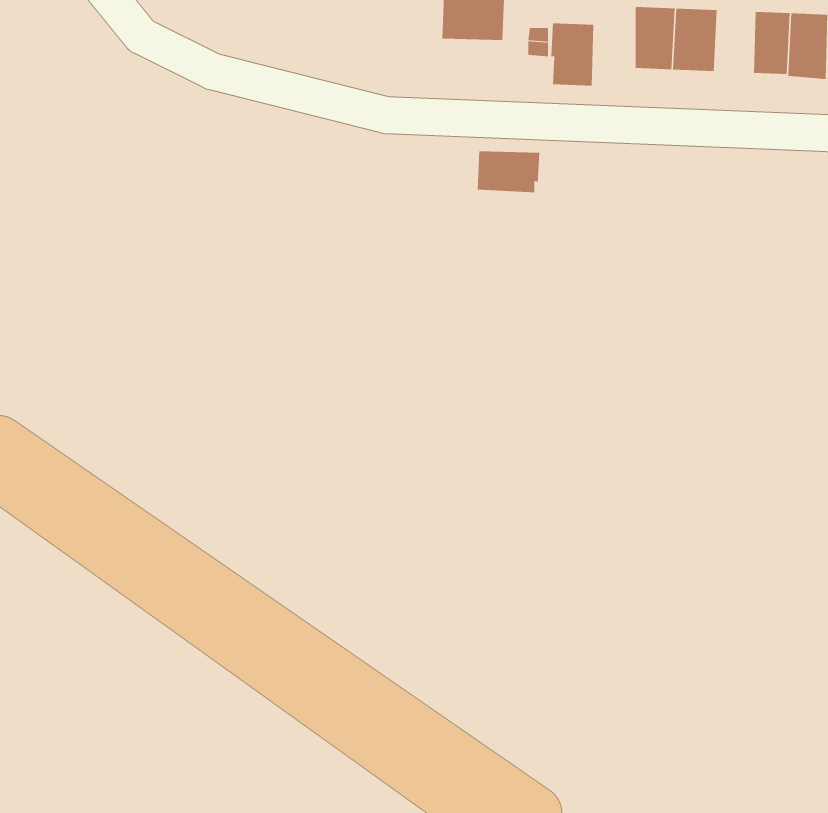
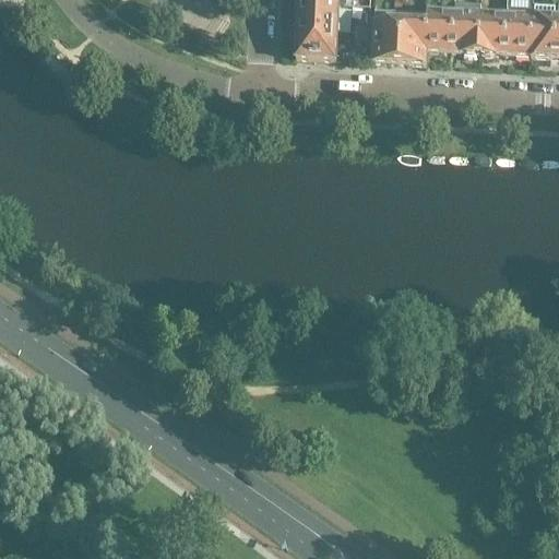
building: none -> [480,7,508,49]
building: none -> [399,16,427,59]
building: [477,151,540,193] -> [296,26,338,55]

